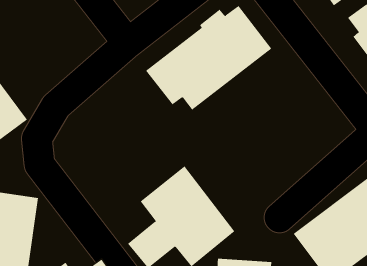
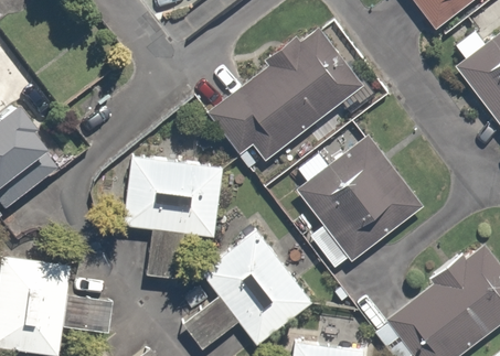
building: none -> [284,134,421,269]
building: none -> [124,154,228,276]

